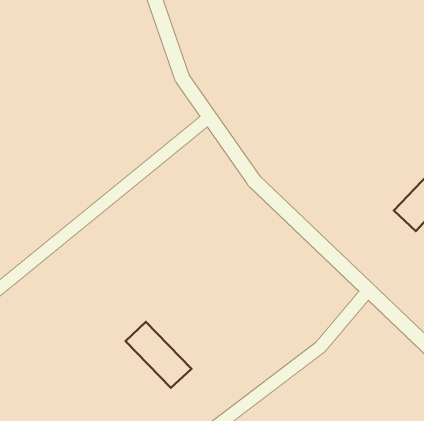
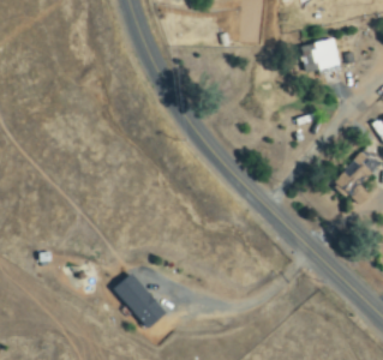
building: none -> [303,37,340,71]

